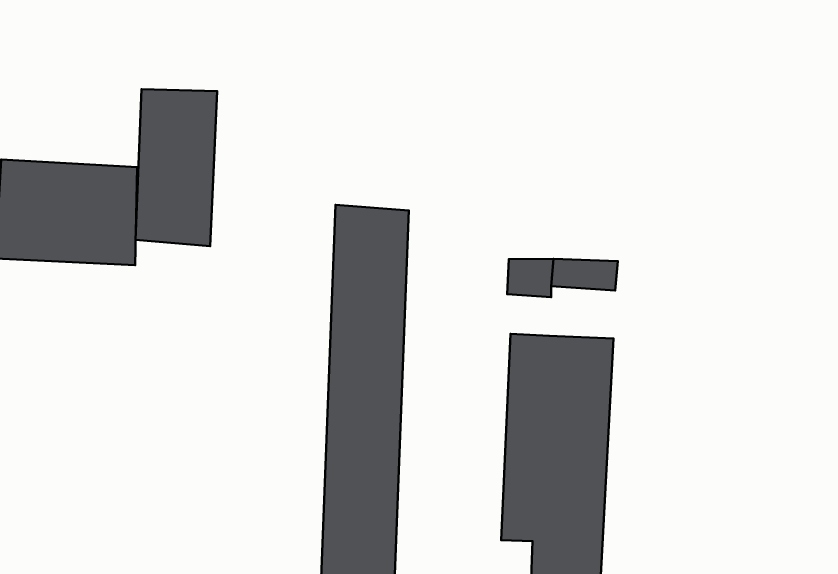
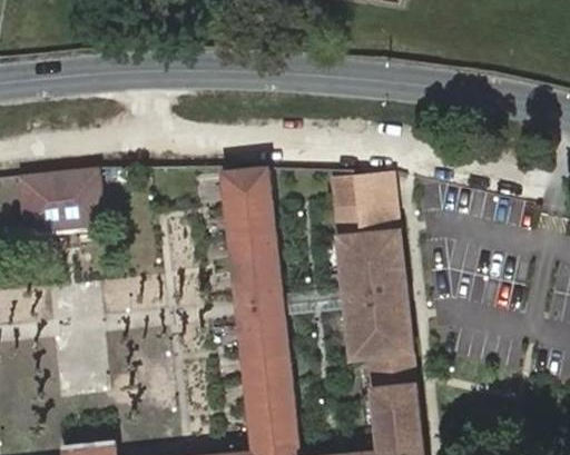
building: [136,89,217,246] -> none
building: none -> [357,196,400,229]

